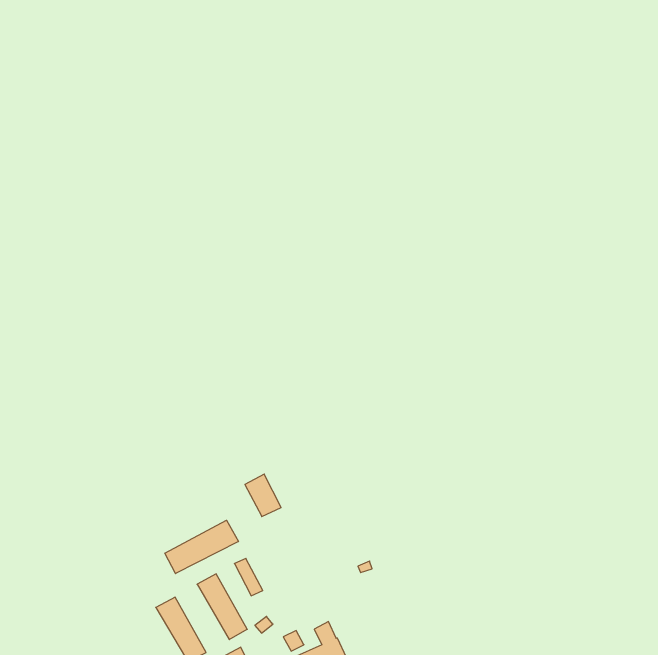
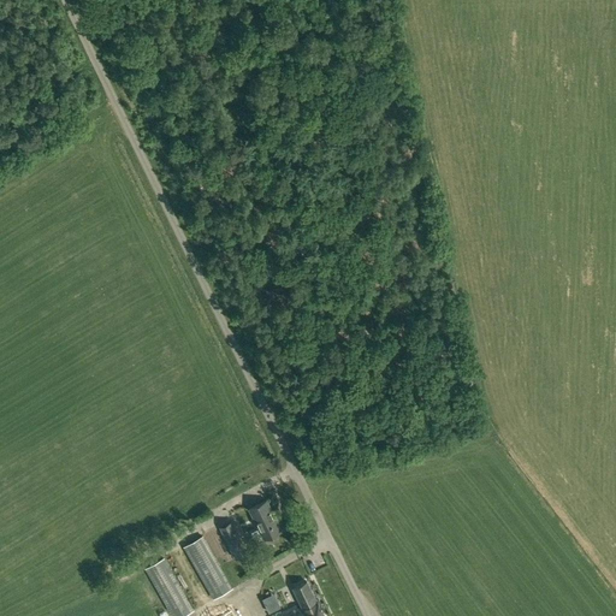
building: [245,474,281,517] -> [248,502,282,541]
building: [165,520,238,574] -> none

